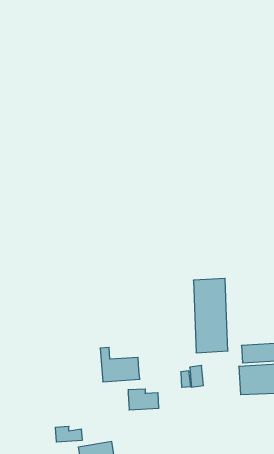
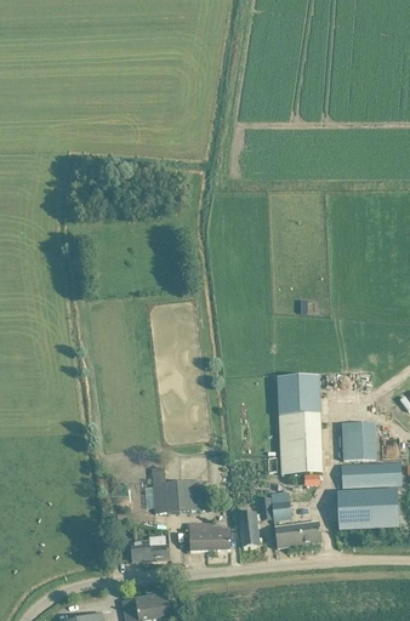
building: none -> [342,421,376,458]
building: none -> [238,511,260,546]
building: none -> [274,520,321,547]
building: [55,426,82,442] -> [132,540,169,560]

